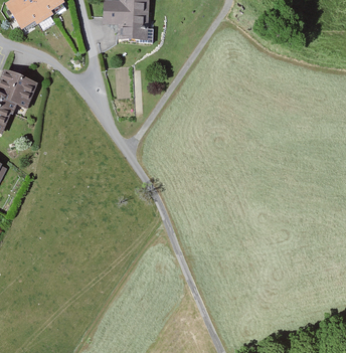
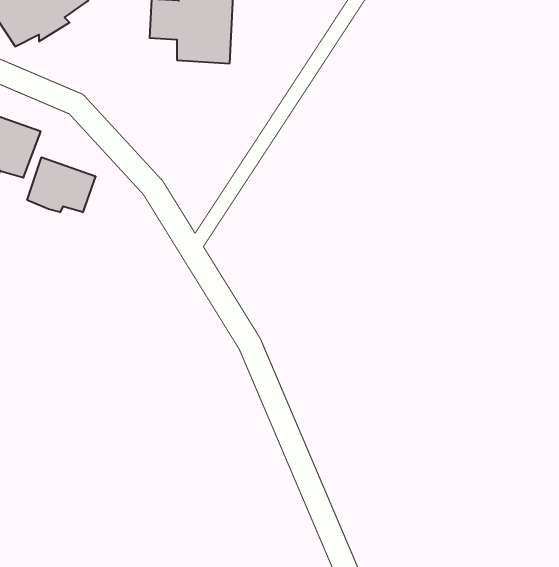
building: none -> [27,157,96,212]

